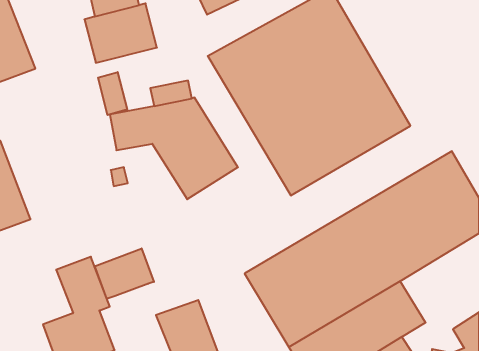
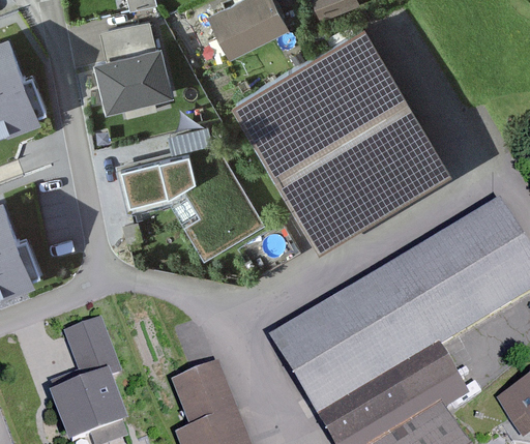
building: [98,72,127,115] -> none
building: [95,248,154,299] -> none

